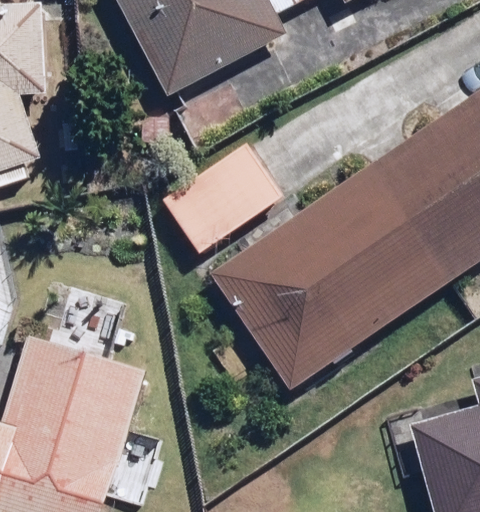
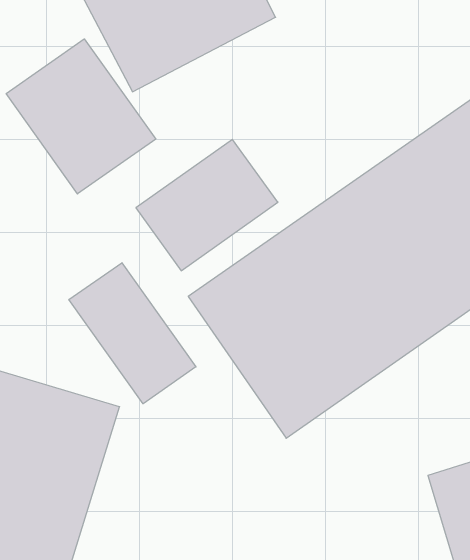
building: none -> [6,39,156,194]
building: none -> [69,263,196,404]

